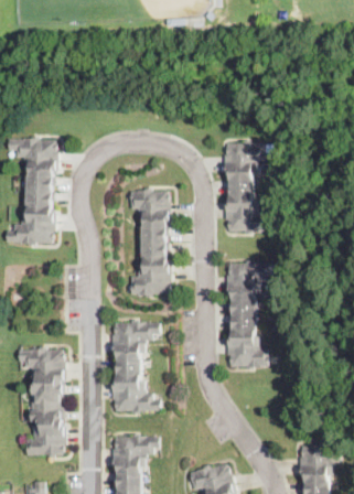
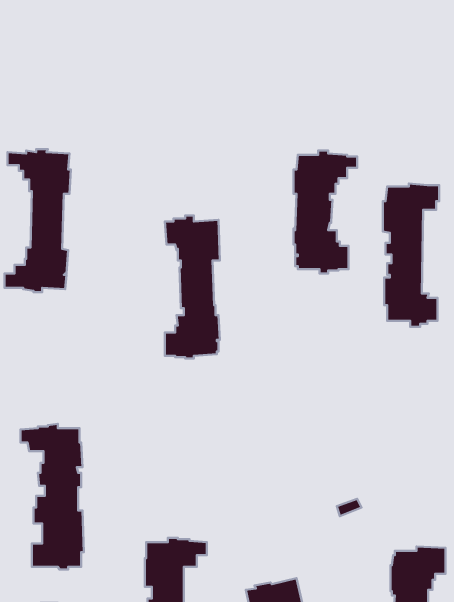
building: [226,261,269,370] -> [383,184,439,327]
building: [110,320,161,414] -> none

